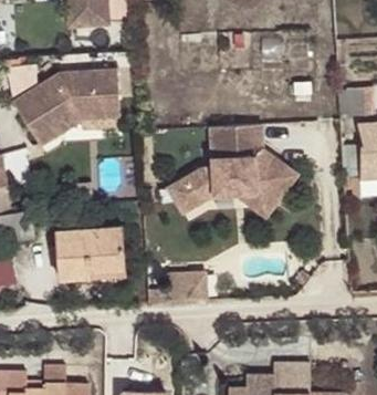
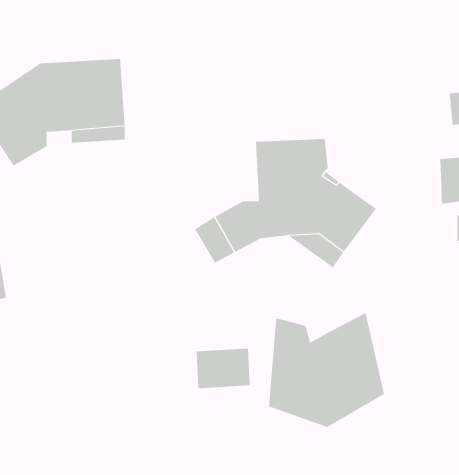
building: [59,227,124,278] -> none
building: none -> [269,312,385,428]

